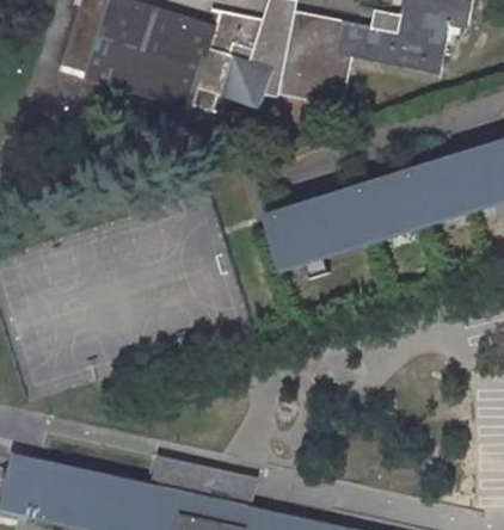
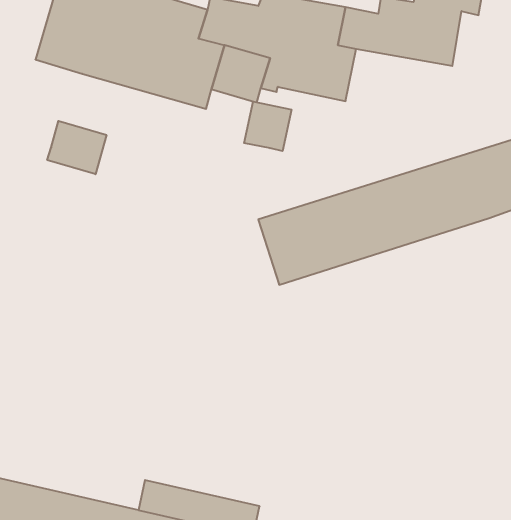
building: none -> [244,102,291,151]
building: none -> [47,121,106,174]

